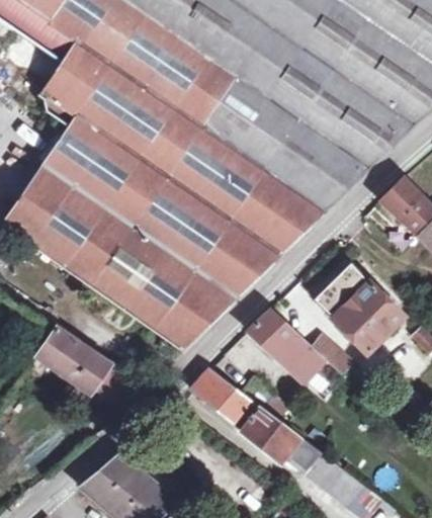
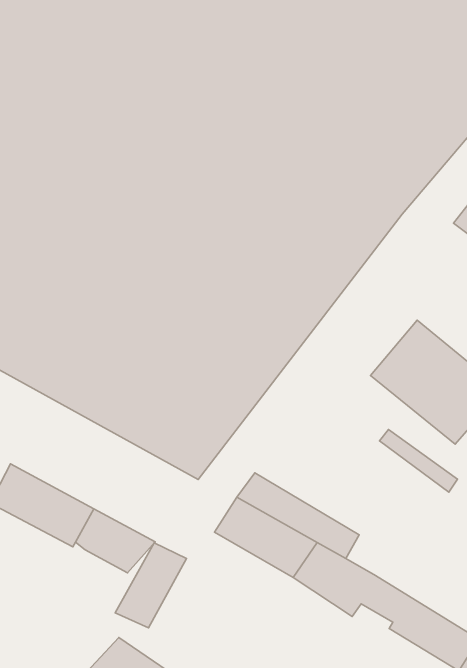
building: [247,309,324,380] -> none
building: none -> [115,543,186,628]

